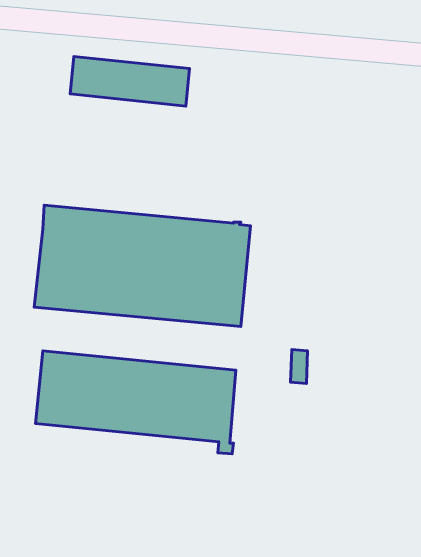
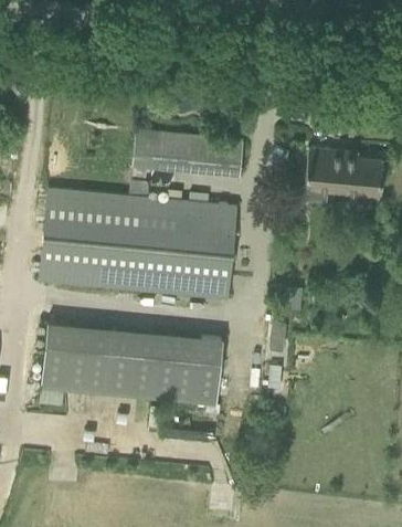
building: [70,56,189,106] -> [134,131,242,177]
building: none -> [305,148,383,198]

